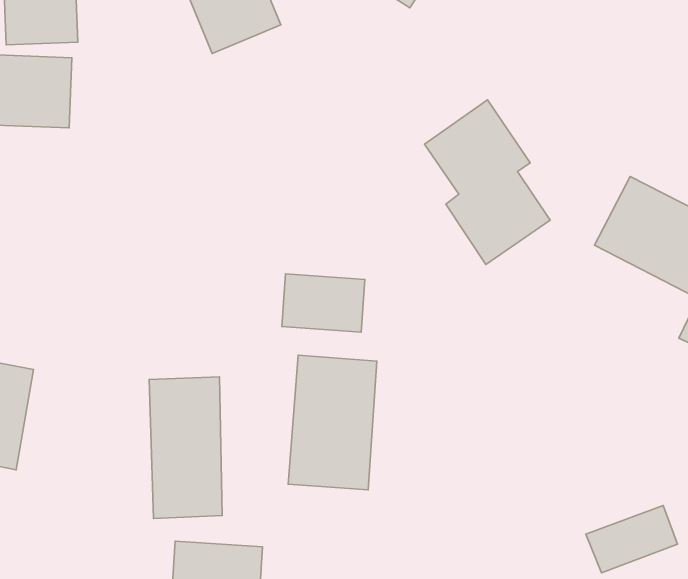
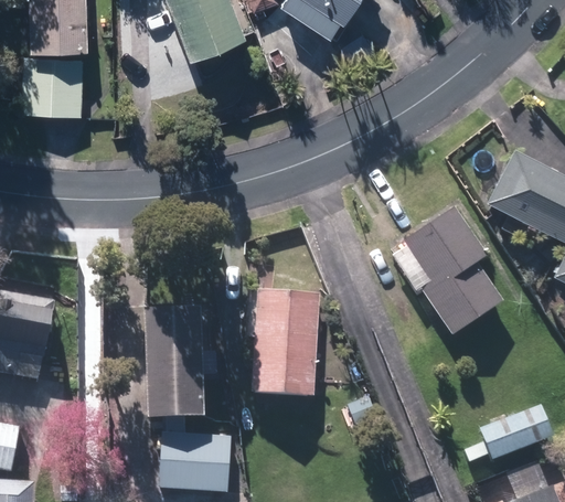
building: [424,100,550,264] -> [405,207,502,334]
building: [282,274,365,332] -> none

